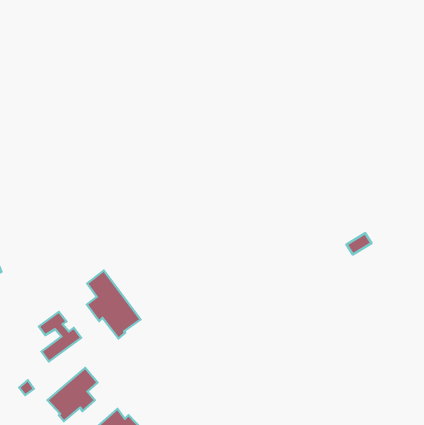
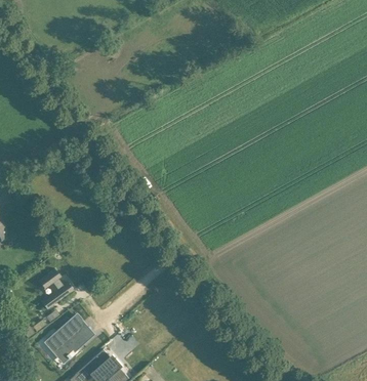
building: [87,271,141,339] -> none

